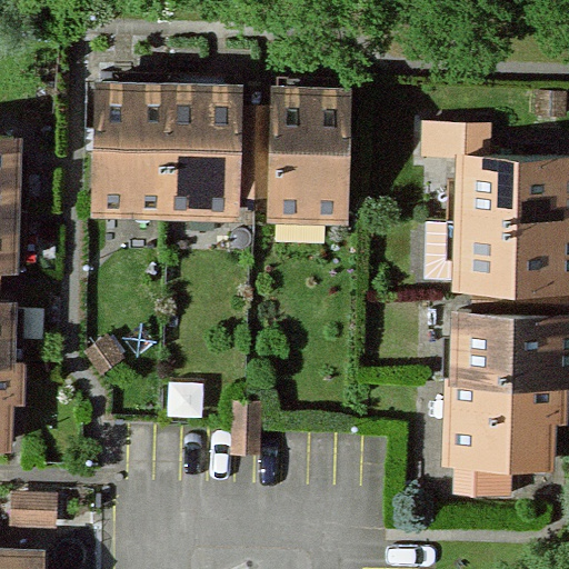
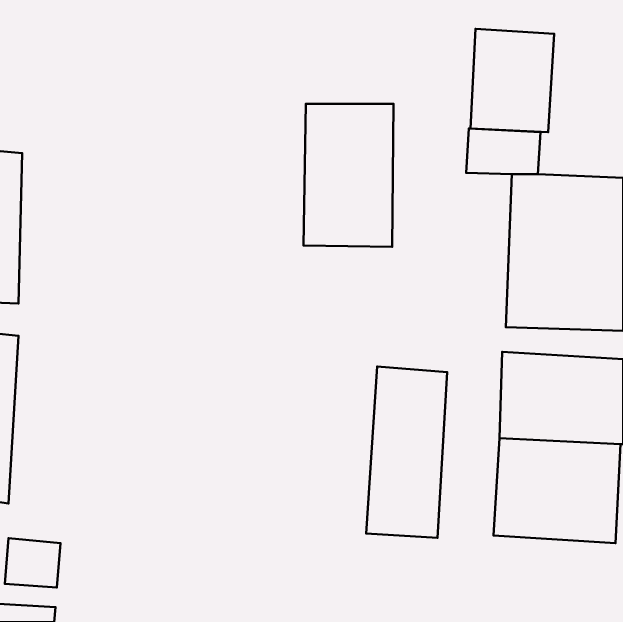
building: none -> [470,29,554,132]
building: [93,86,244,219] -> none
building: none -> [366,367,447,538]

